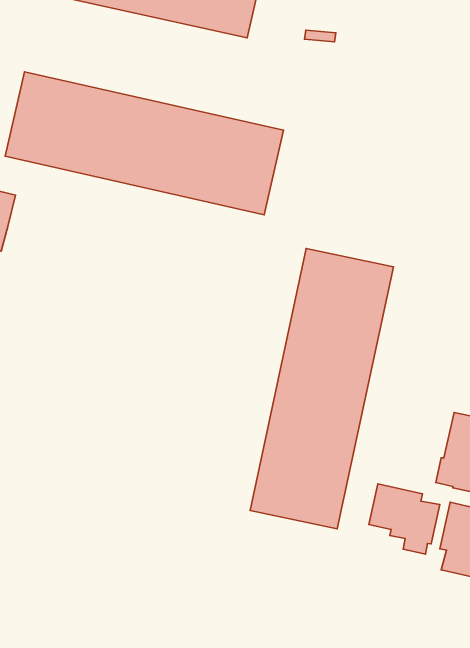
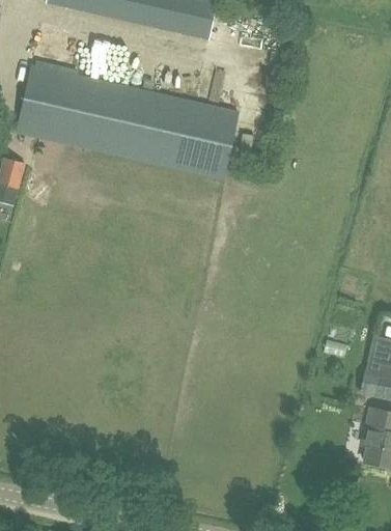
building: [250,249,393,529] -> none
building: [369,484,440,554] -> none

